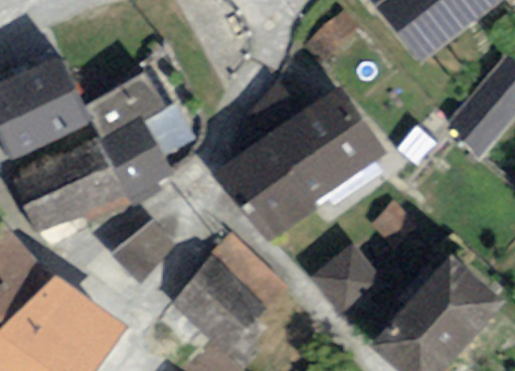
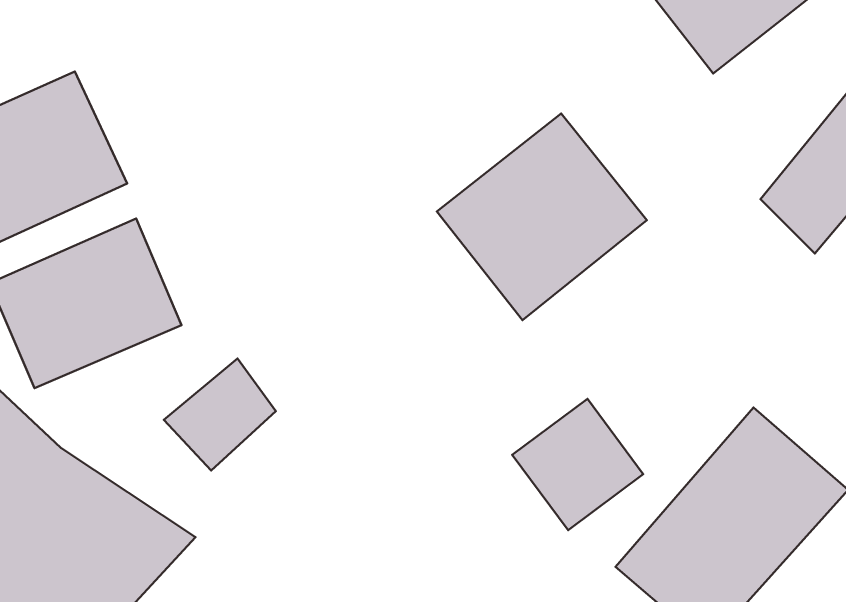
building: [90,74,173,197] -> none
building: [218,138,316,239] -> none
building: [167,239,284,357] -> none

